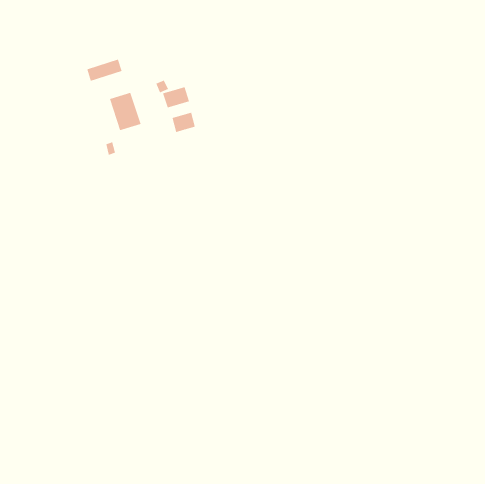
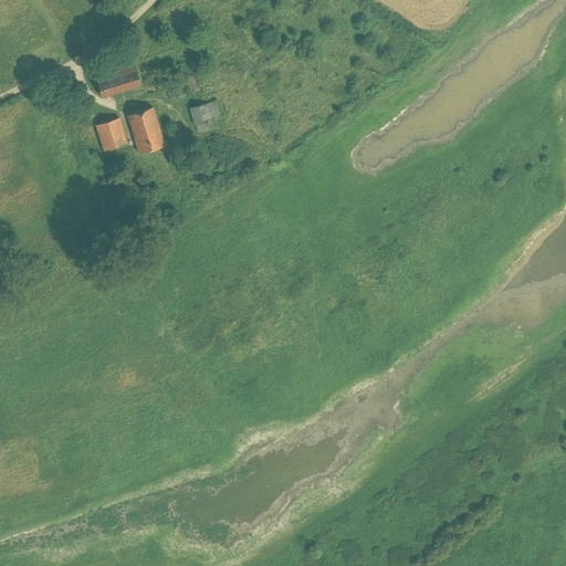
building: none -> [95,118,127,151]
building: [172,112,196,133] -> none

